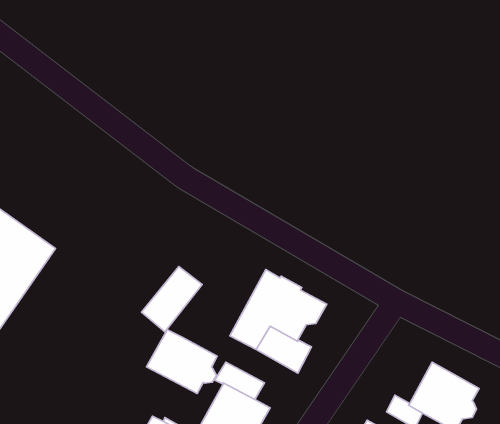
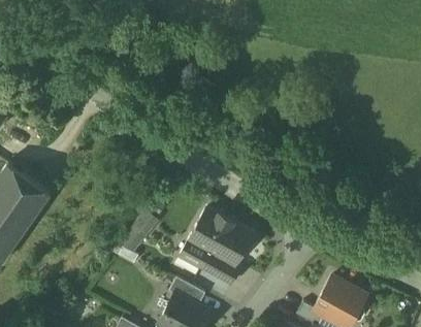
building: [147,329,217,393] -> none

